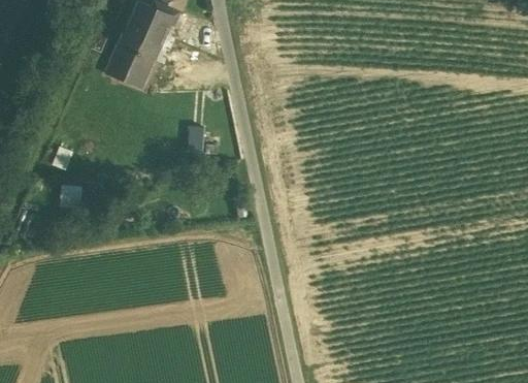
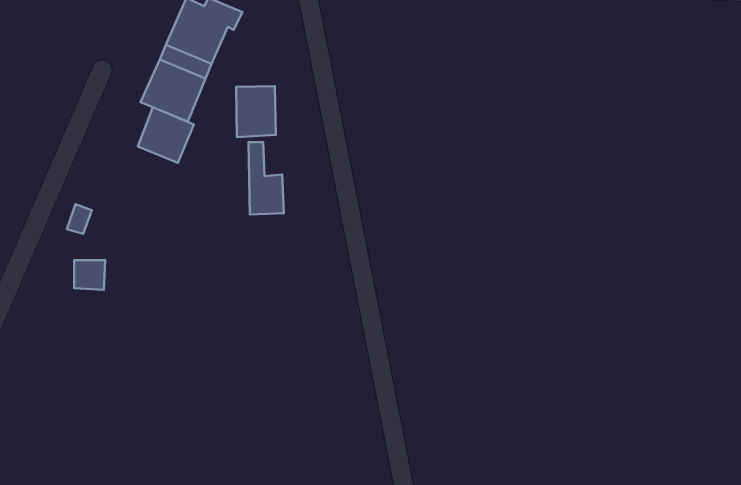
building: none -> [236,86,276,137]
building: none -> [138,107,194,163]

